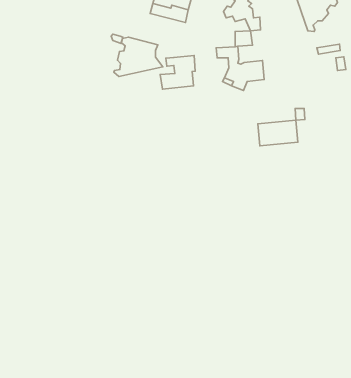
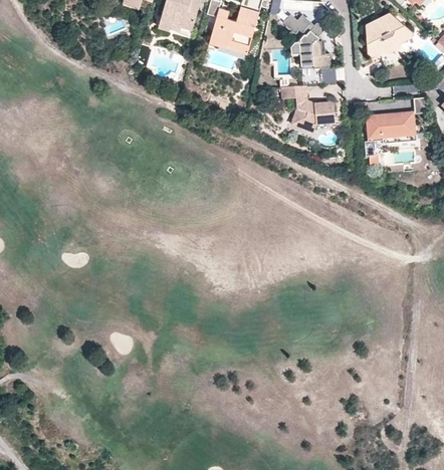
building: [114,37,163,77] -> none
building: [160,55,195,89] -> none
building: [258,120,298,146] -> [369,111,413,140]

